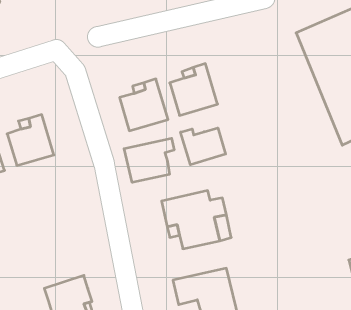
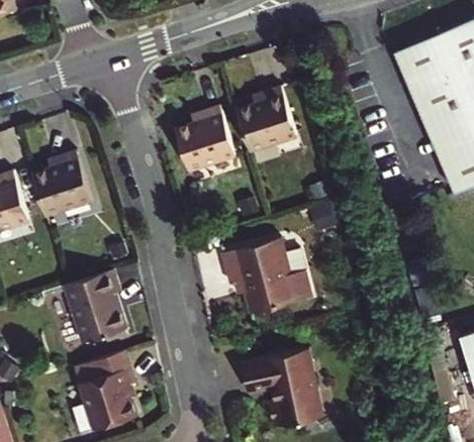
building: [181,128,226,165] -> none
building: [124,138,174,182] -> none
building: none -> [64,271,125,345]

